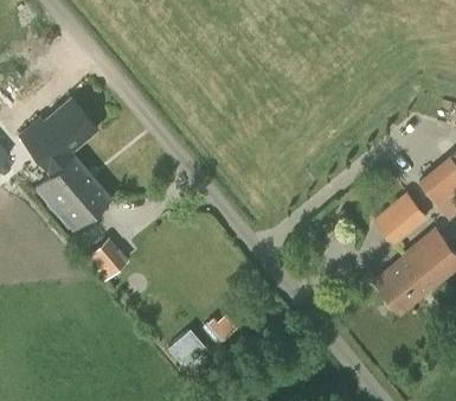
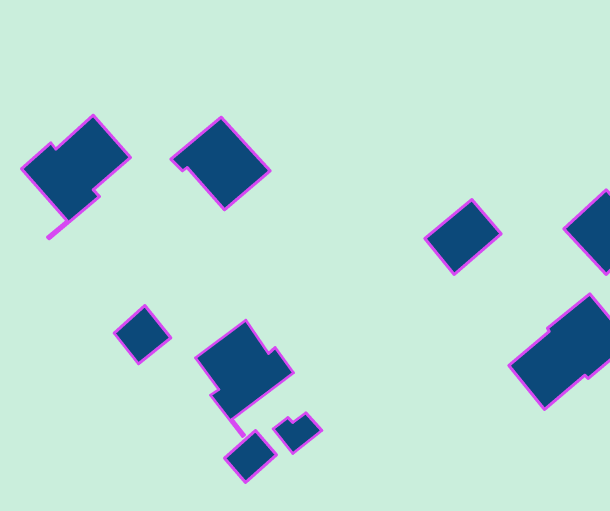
building: [39,159,111,227] -> [171,117,270,210]
building: [372,193,428,248] -> [425,200,501,274]
building: none -> [196,320,293,436]

